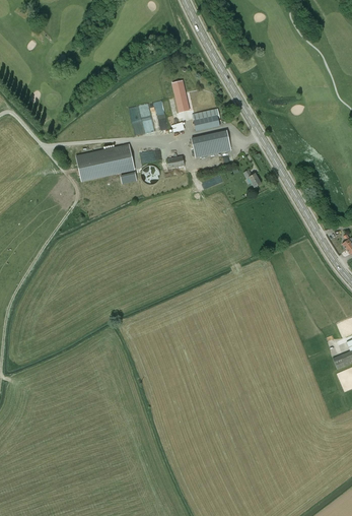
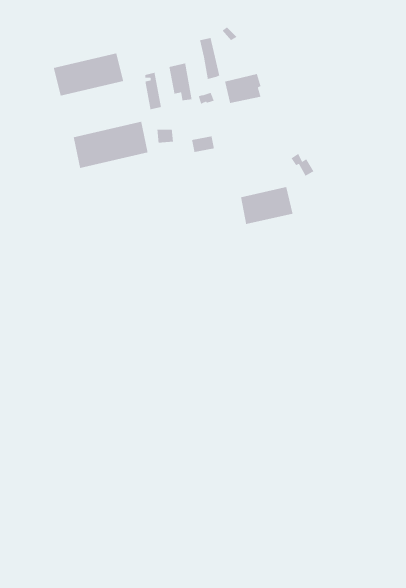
building: none -> [53,53,124,96]
building: [191,129,231,158] -> [240,186,293,225]

